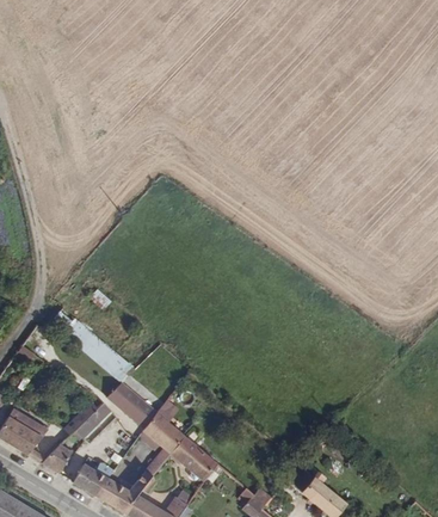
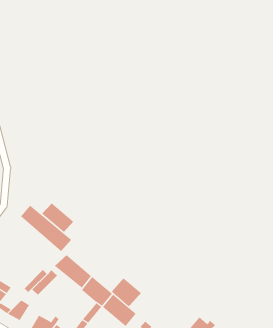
building: none -> [41,202,74,233]
building: none -> [111,277,142,307]

